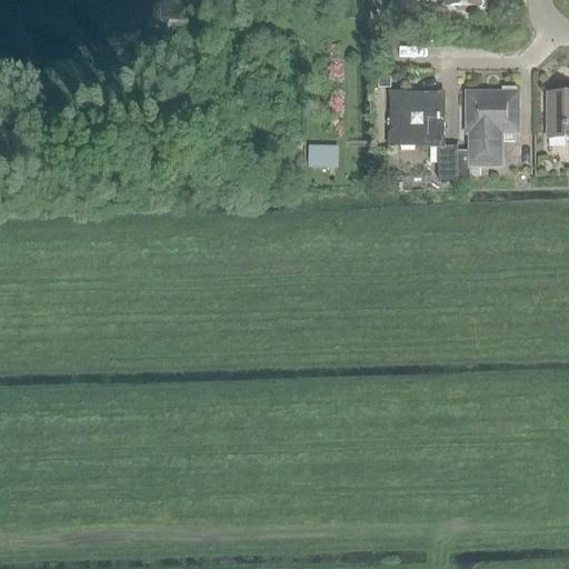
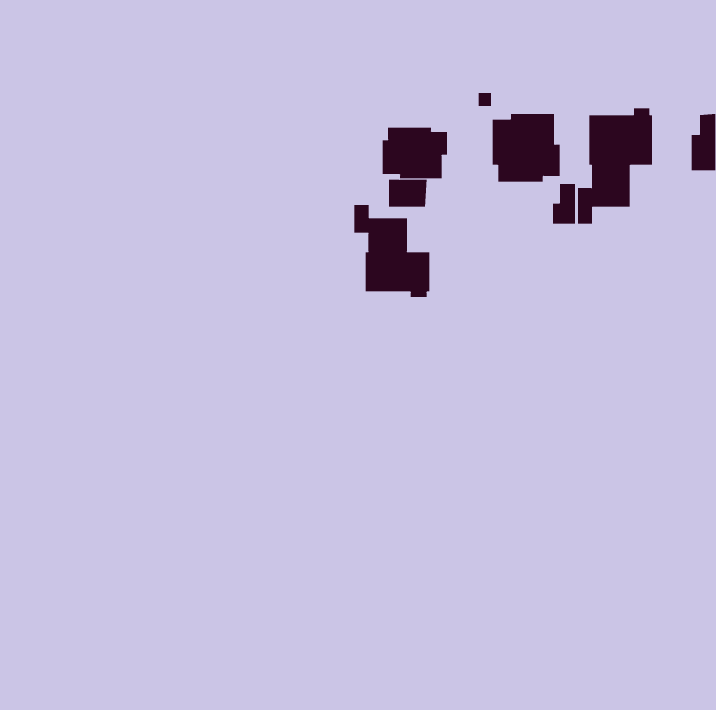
building: none -> [382,127,447,179]
building: none -> [354,204,430,298]

